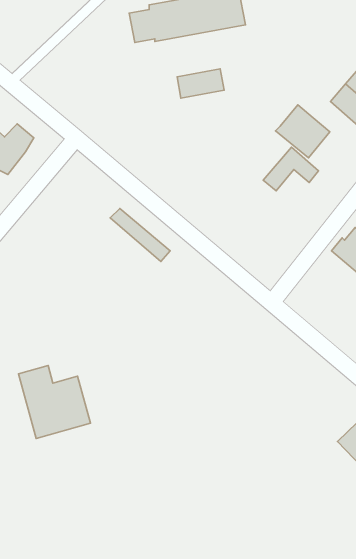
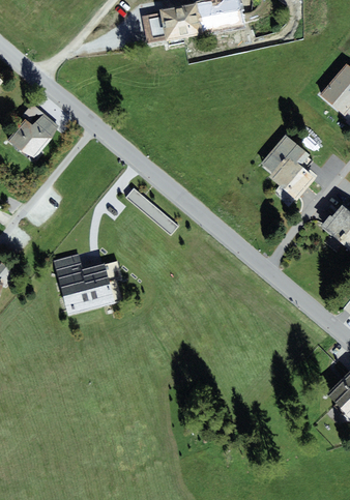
building: [177,69,224,98] -> none
building: [276,105,330,158] -> [267,153,315,200]
building: [19,365,90,438] -> [52,252,115,316]

